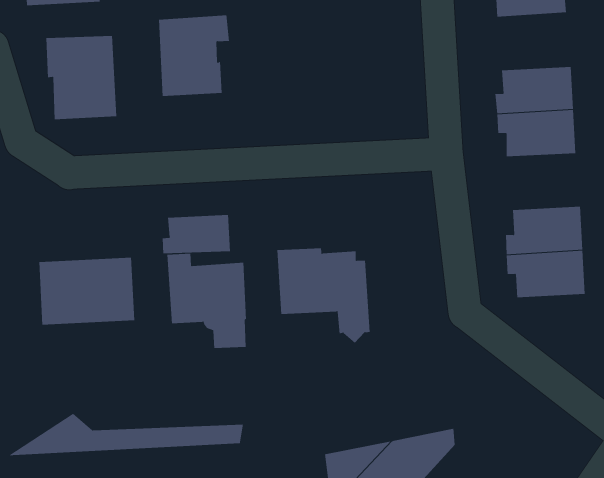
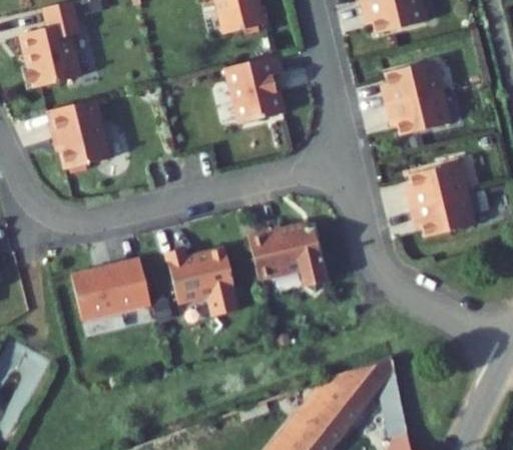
building: [158,15,230,97] -> [225,57,282,125]
building: [162,214,230,254] -> none
building: [7,413,244,456] -> none

